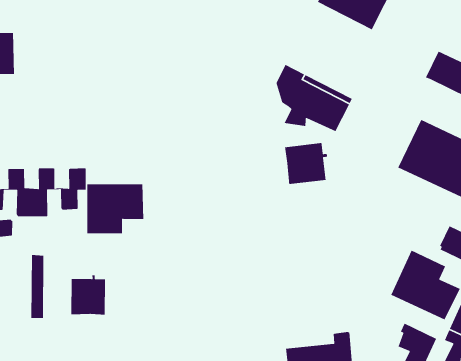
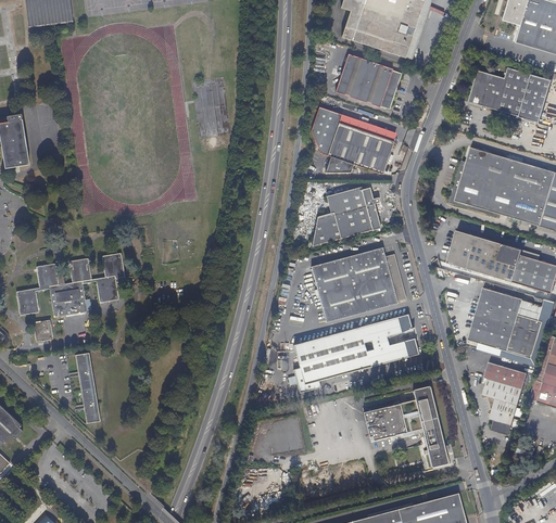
building: none -> [334,55,402,110]
building: none -> [312,215,341,245]
building: [87,184,144,234] -> none
building: none -> [447,231,521,283]
building: none -> [312,247,407,320]
building: none -> [293,314,420,392]
building: [71,275,106,315] -> none

